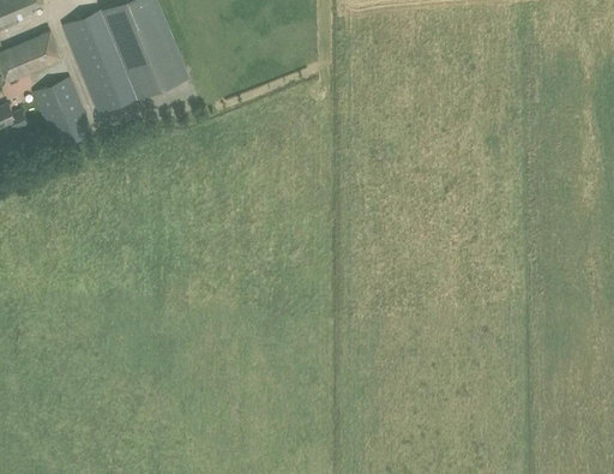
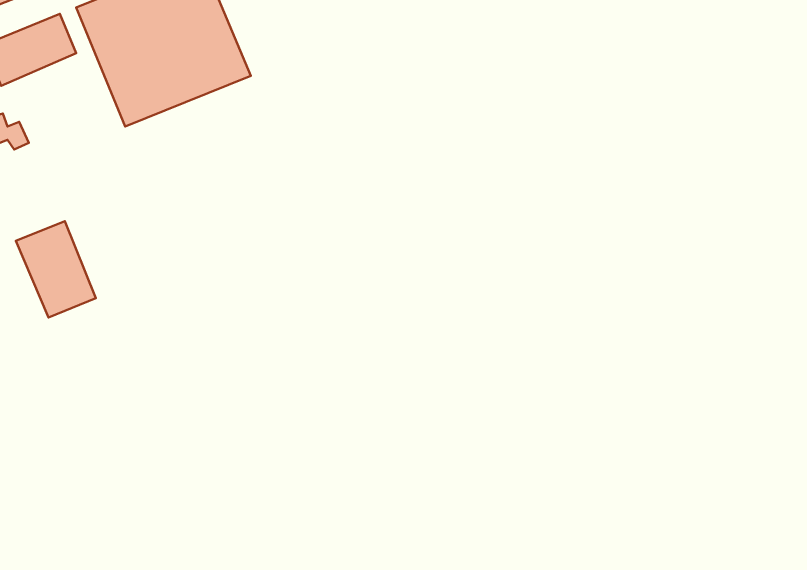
building: [32,78,91,149] -> [16,221,96,318]

